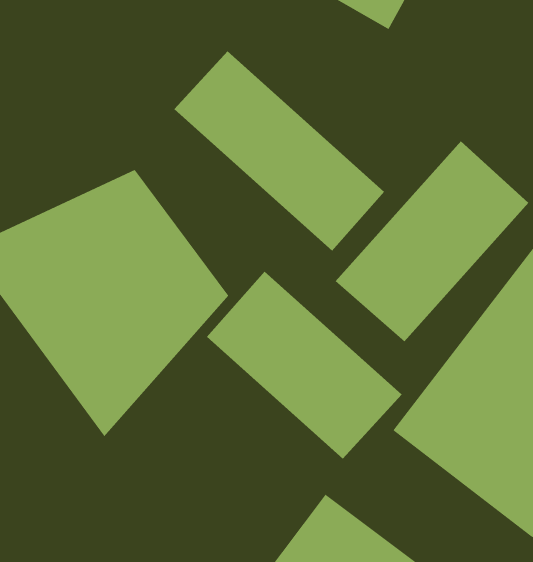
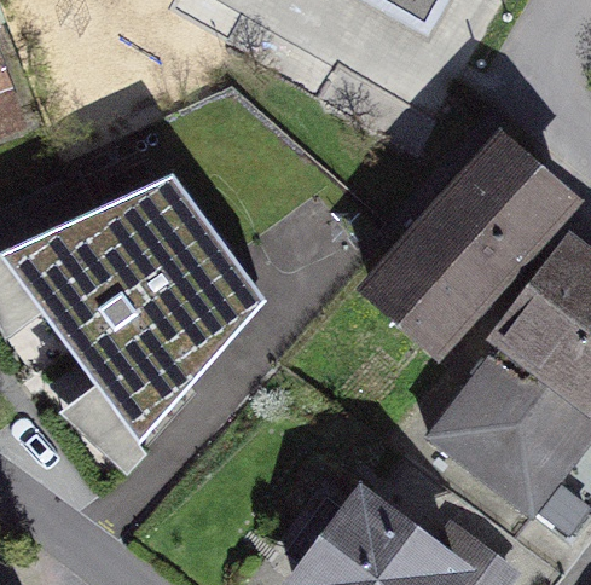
building: [173,50,385,252] -> none
building: [206,271,402,460] -> none

